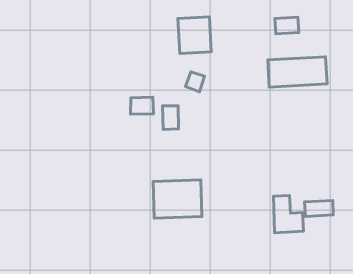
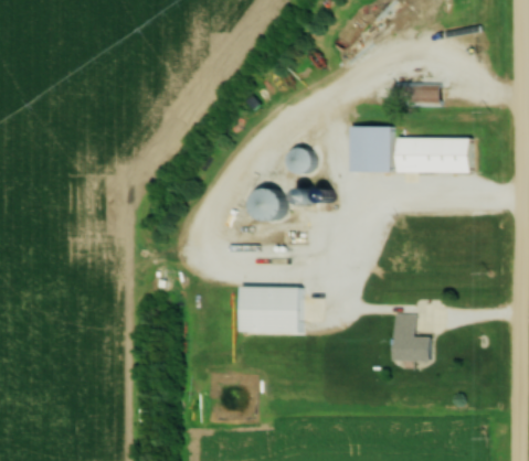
building: [178,17,211,53] -> [349,126,390,171]
building: [131,97,153,114] -> none
building: [304,200,333,217] -> none

